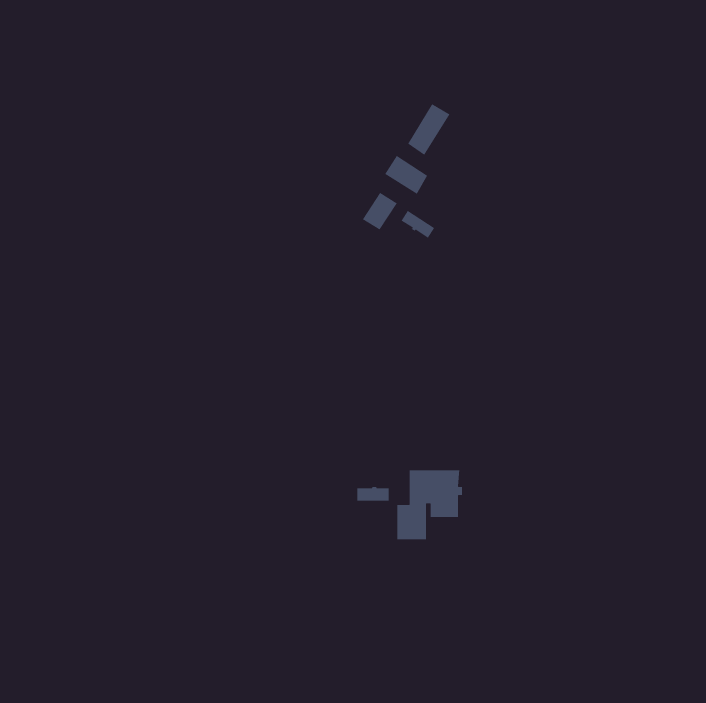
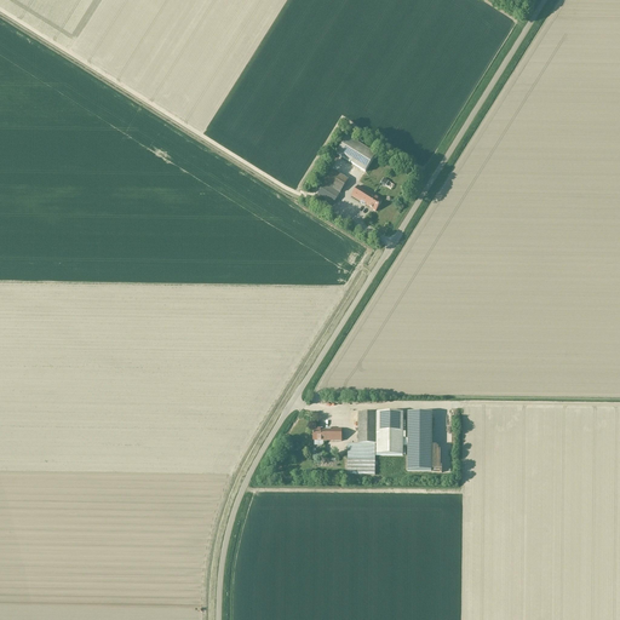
building: [407,103,450,156] -> none
building: none -> [402,412,431,470]

